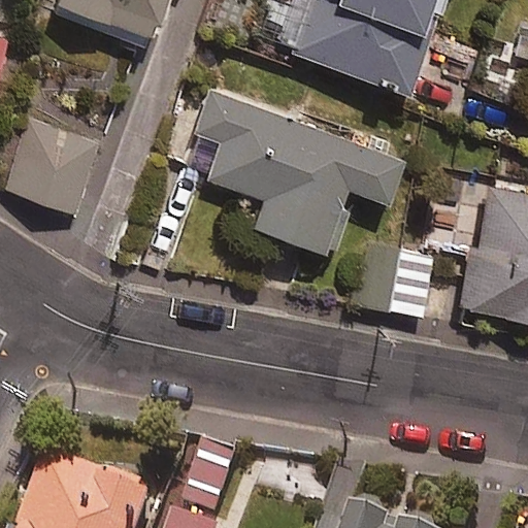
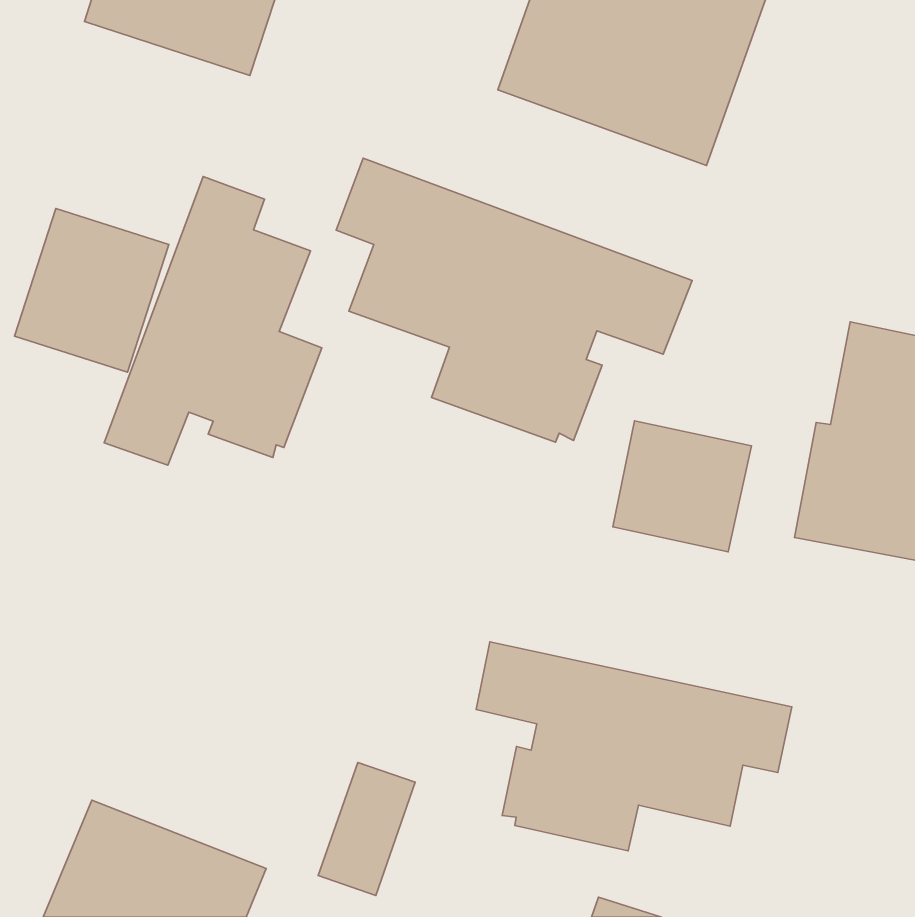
building: none -> [104,177,322,465]
building: none -> [476,642,792,851]

